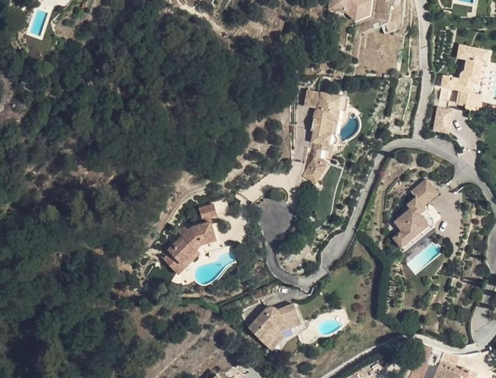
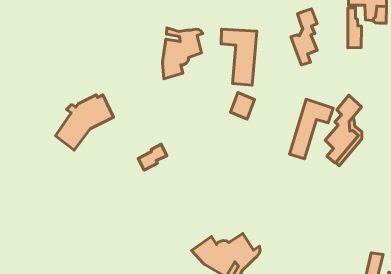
building: none -> [162,28,203,79]
building: none -> [291,9,317,65]
building: none -> [289,99,333,159]
building: [161,221,224,274] -> [55,95,113,150]

